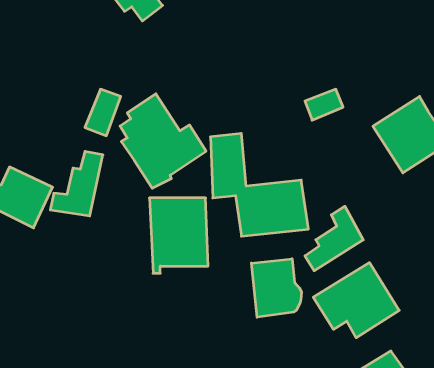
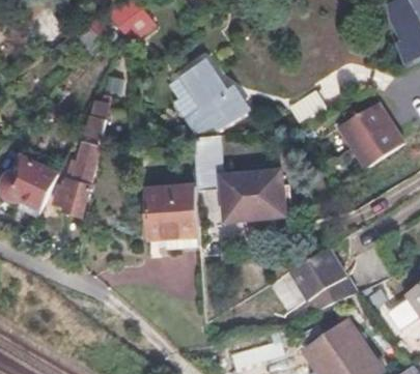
building: [120,94,206,188] -> [173,50,248,132]
building: [305,206,363,271] -> none
building: [251,259,301,317] -> none

